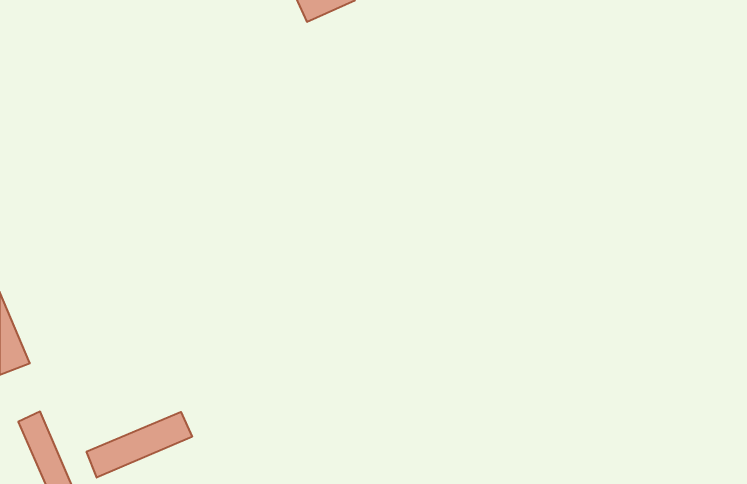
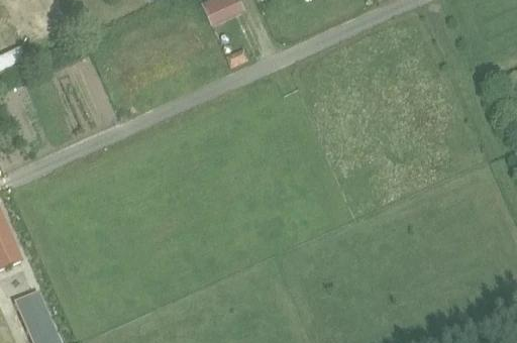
building: [87,412,192,478] -> none

